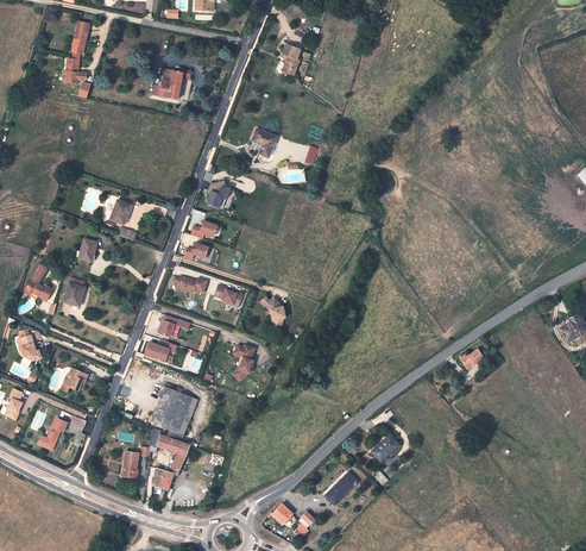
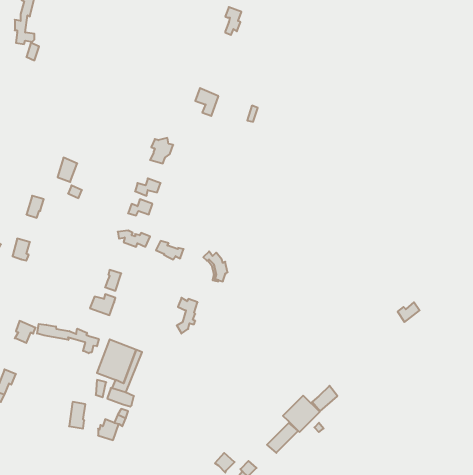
building: [152,68,190,100] -> none
building: none -> [37,324,99,353]
building: none -> [283,396,320,432]

